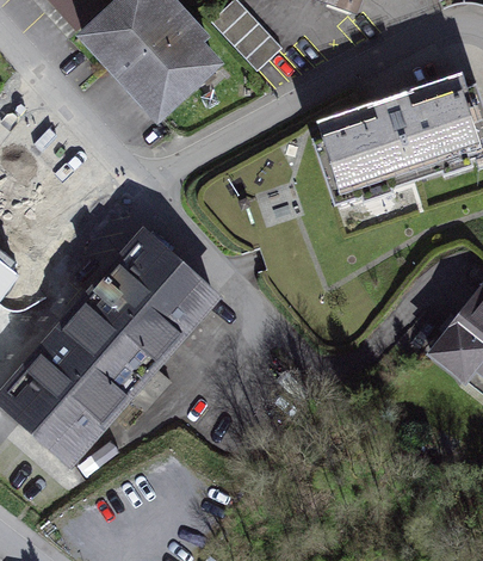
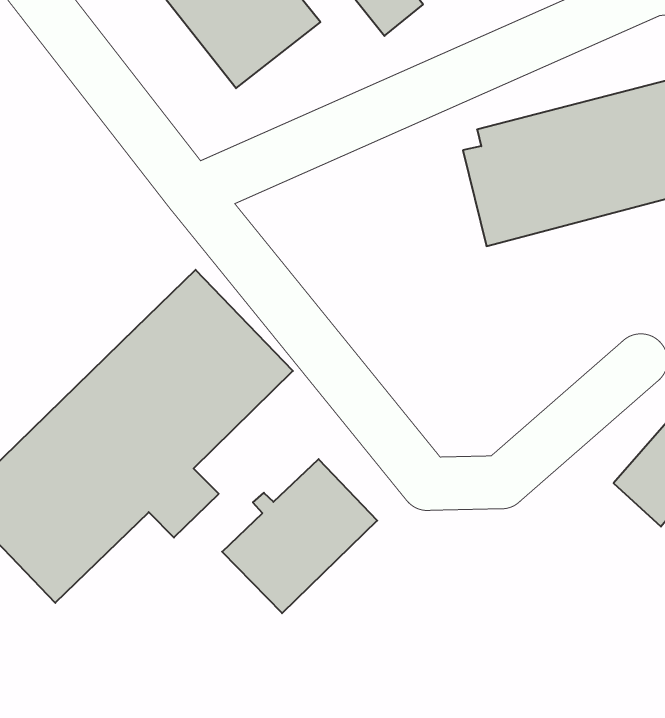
building: none -> [222,459,377,613]

